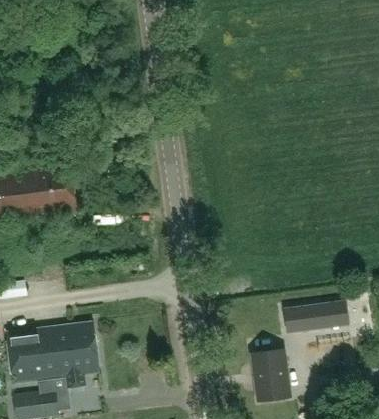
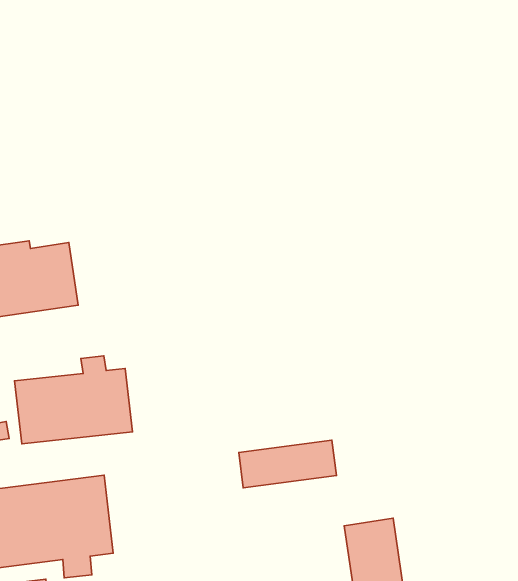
building: none -> [15,356,133,444]
building: [284,301,348,332] -> [239,440,337,488]

